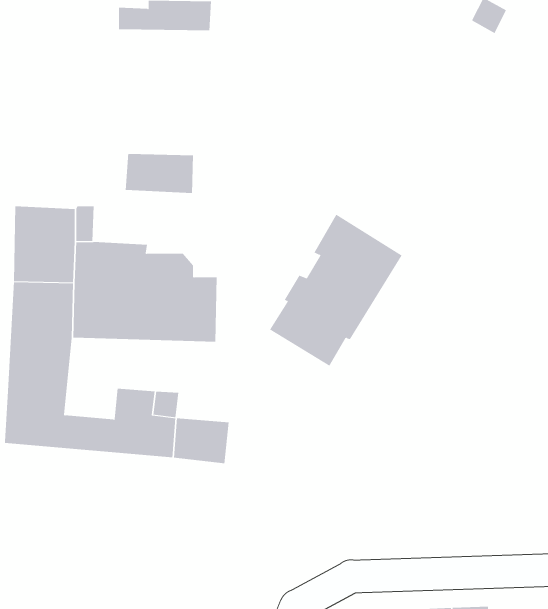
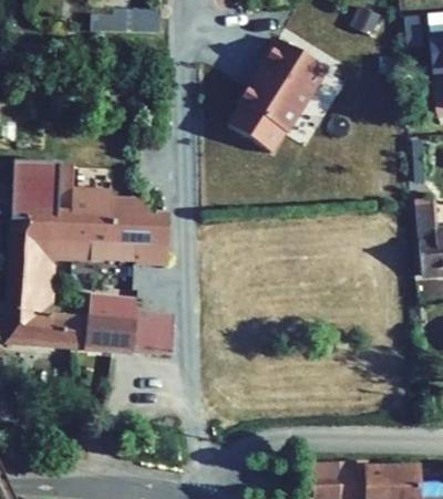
building: [125,153,194,194] -> none
building: [269,214,403,367] -> [227,38,327,152]

